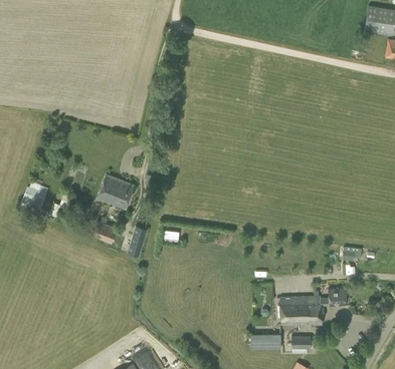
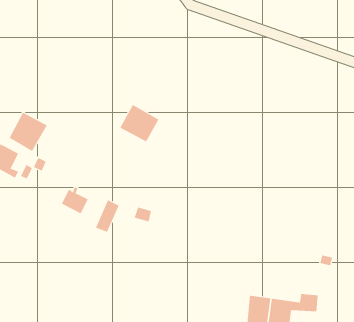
building: none -> [9,112,48,152]
building: [98,174,135,209] -> [120,104,159,142]

